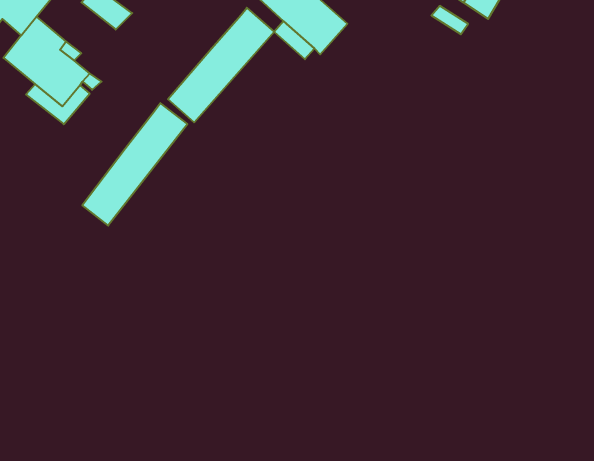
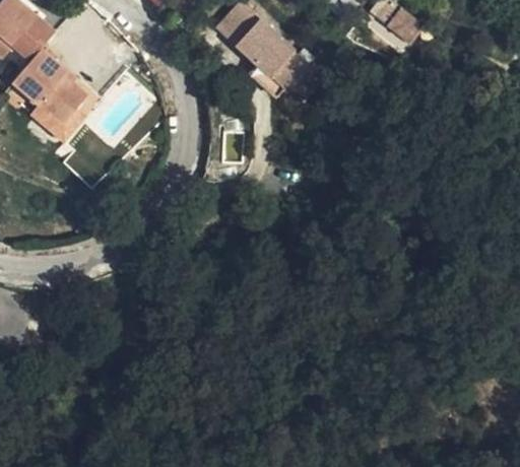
building: [168,8,274,122] -> none
building: [82,103,187,226] -> none

